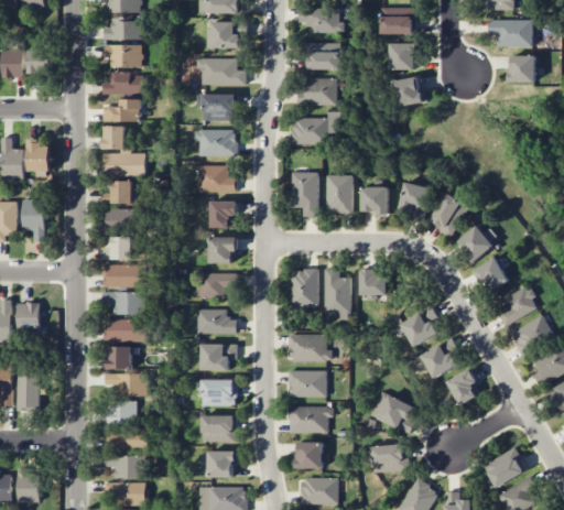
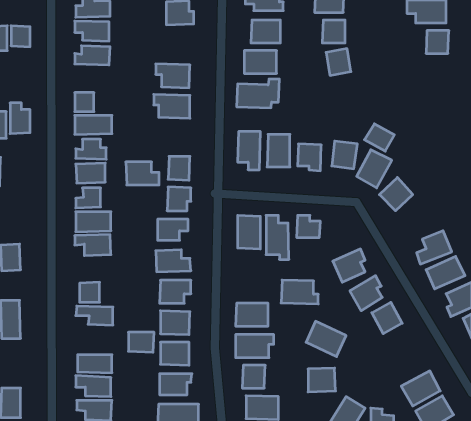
building: [199,58,246,84] -> none
building: [102,98,140,121] -> none
building: none -> [364,124,394,151]
building: [197,165,236,192] -> [126,162,159,185]
building: [21,199,44,242] -> none
building: [474,258,508,293] -> none
building: [106,318,145,341] -> none
building: [289,334,332,361] -> [281,280,318,304]
building: [107,401,137,424] -> [128,332,154,352]

